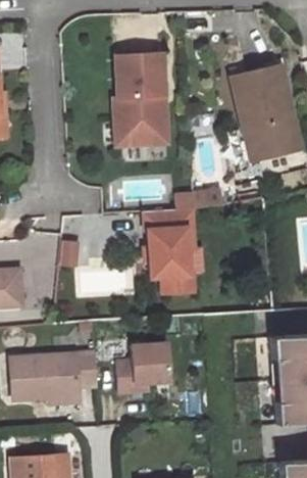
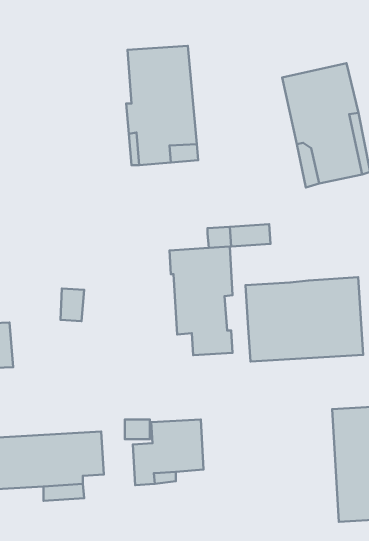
building: none -> [246,277,363,362]

